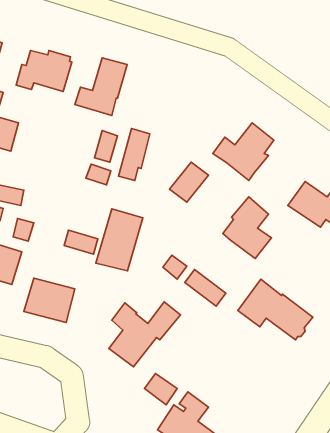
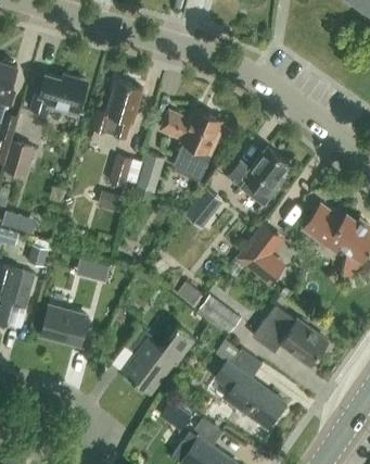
building: none -> [161,112,220,181]
building: [96,209,143,271] -> none
building: none -> [215,339,284,429]

